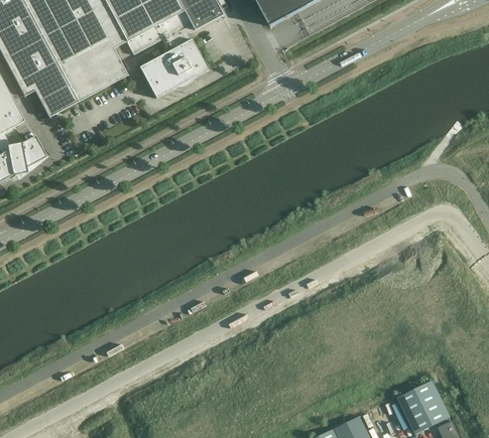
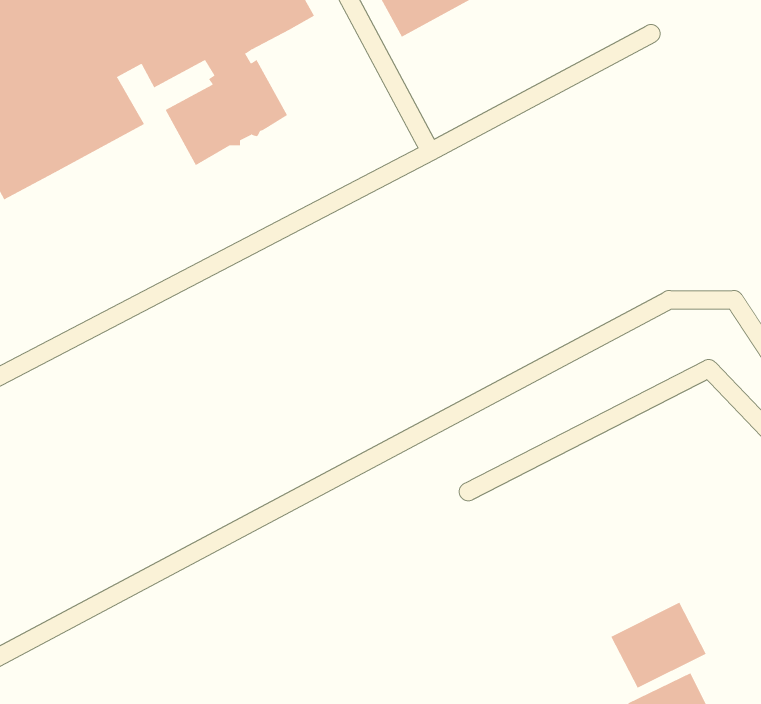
building: none -> [611,602,706,689]

